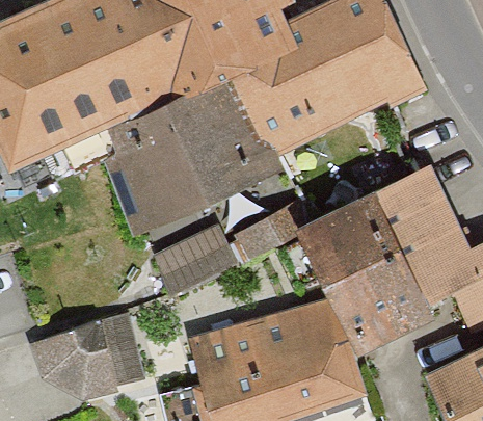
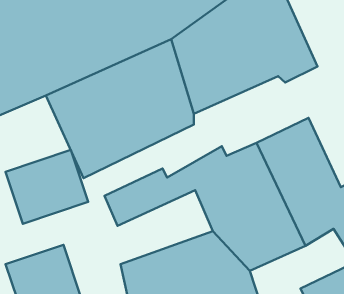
building: none -> [5,150,88,224]

